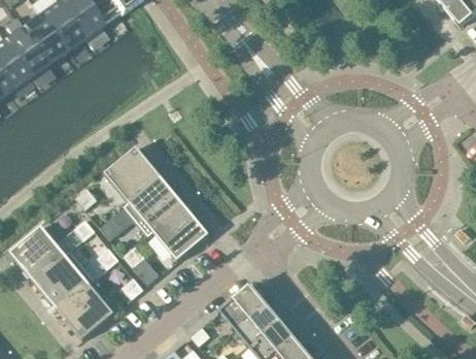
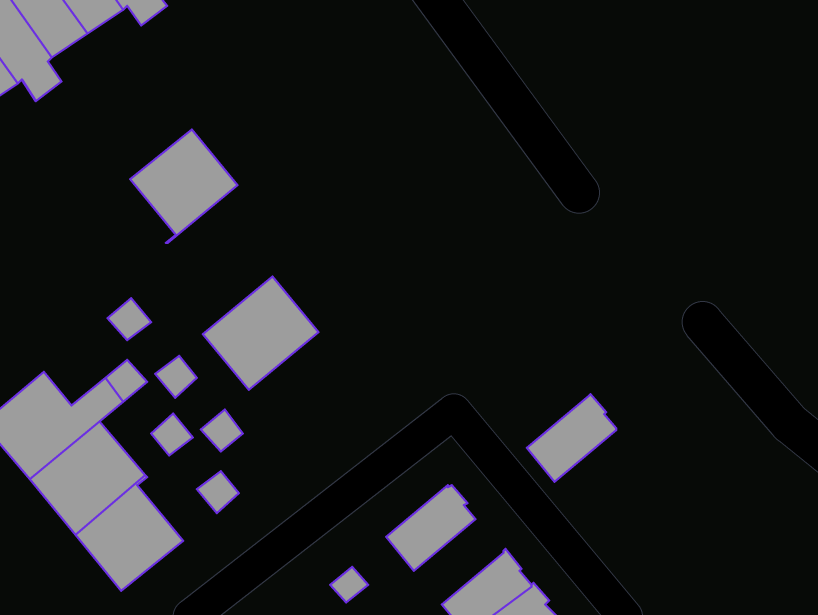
building: [105,146,161,205] -> [130,129,238,243]
building: [148,204,209,260] -> none
building: [234,300,280,346] -> [527,394,616,482]

